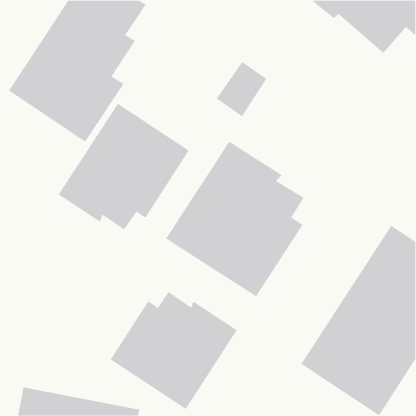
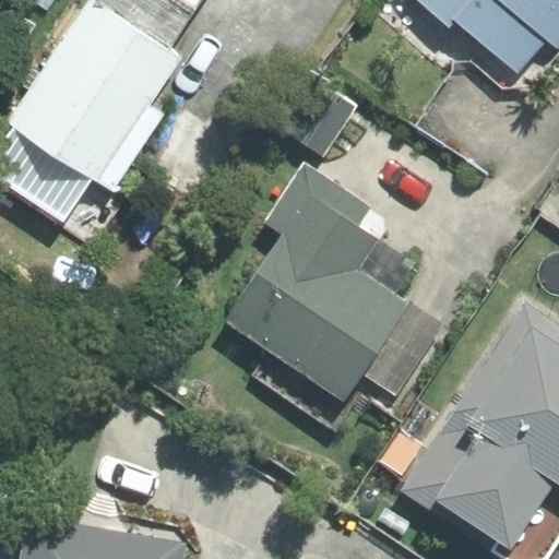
building: [58,103,190,231] -> none
building: [110,291,238,410] -> none

